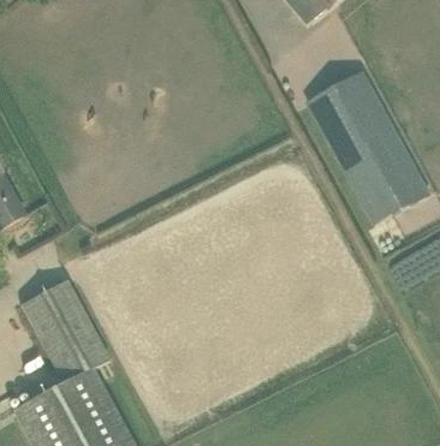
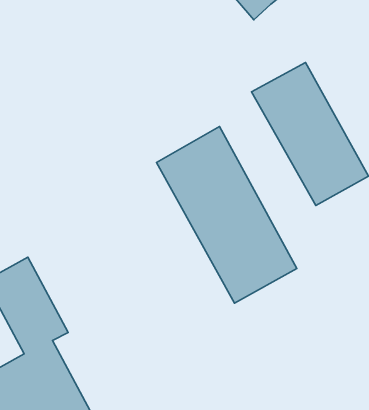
building: none -> [156,127,297,303]

